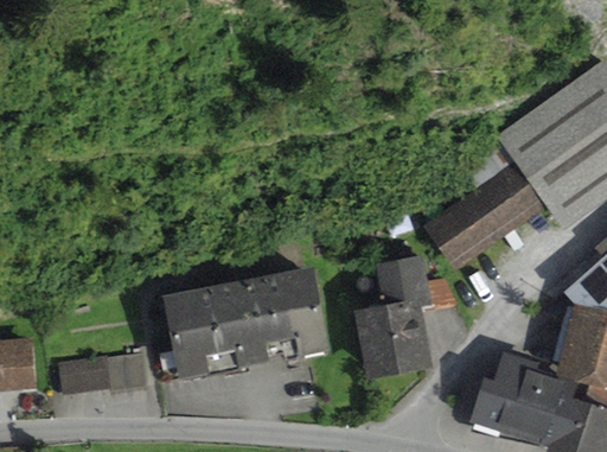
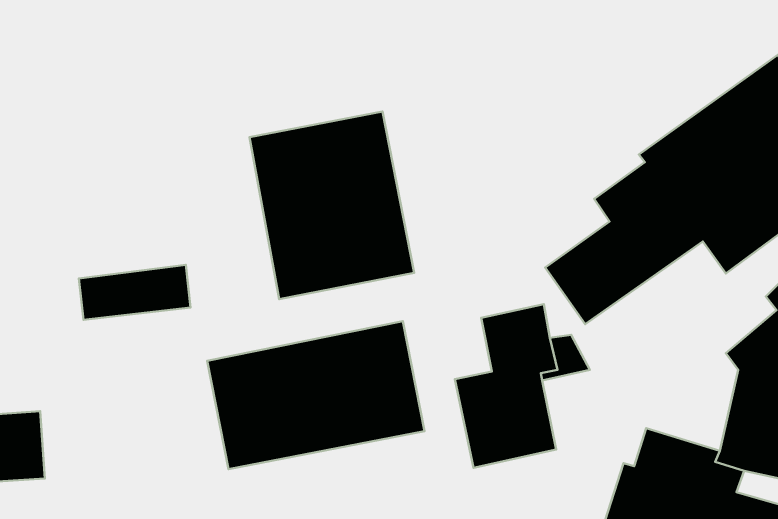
building: none -> [249,111,414,299]
building: [59,351,146,394] -> [79,265,190,320]

